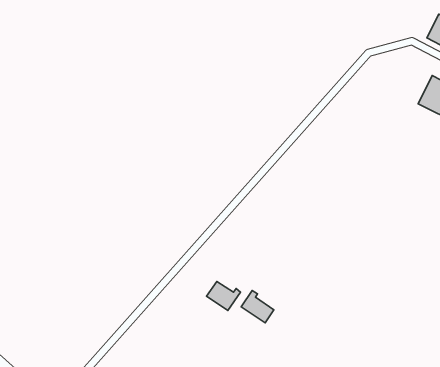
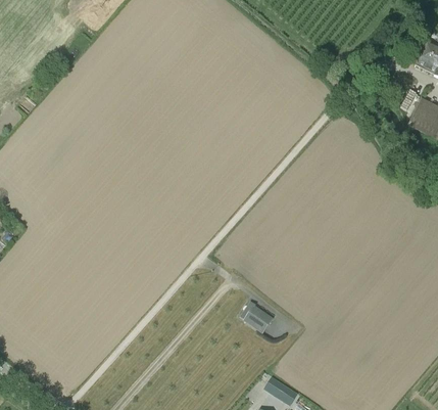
building: [207,281,241,311] -> none

